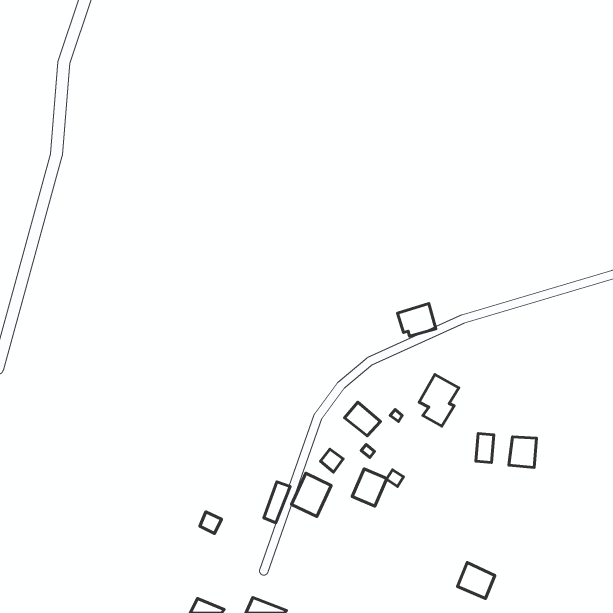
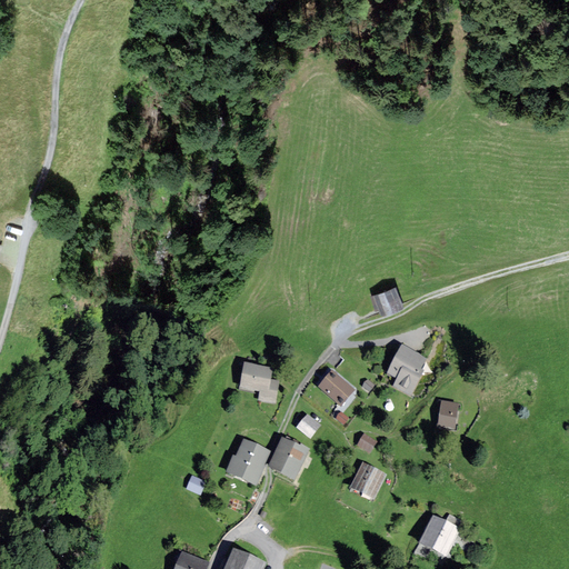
building: none -> [241,362,278,401]
building: [509,437,537,467] -> none
building: [352,469,387,506] -> [351,463,383,498]
building: none -> [227,439,256,478]

